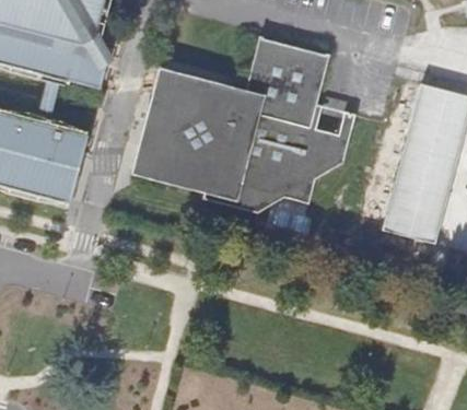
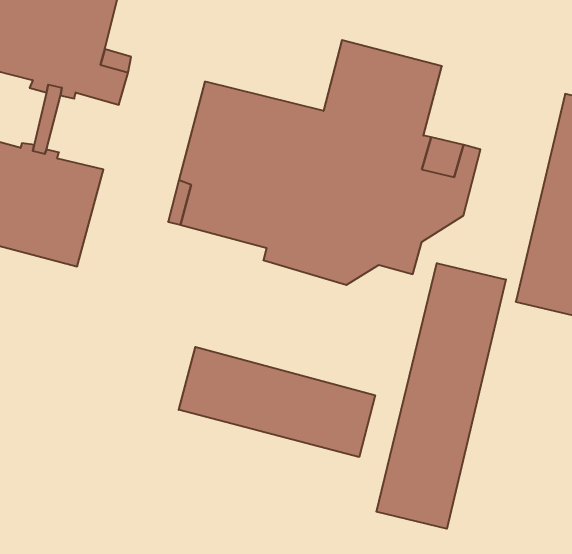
building: none -> [376,263,506,529]
building: none -> [179,347,375,457]

